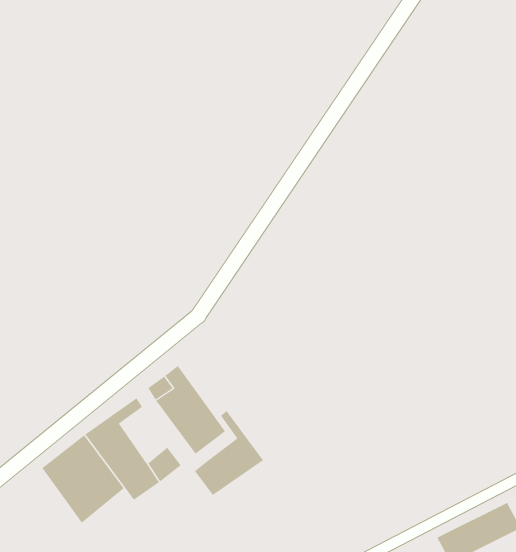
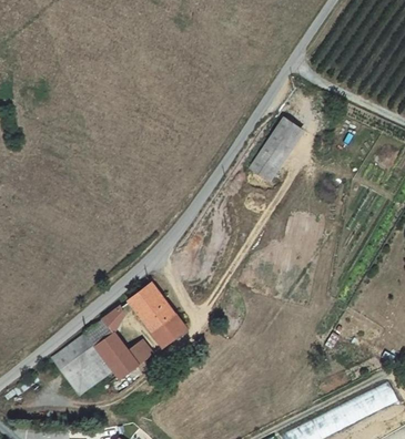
building: none -> [252,119,304,177]
building: [194,410,264,496] -> none

